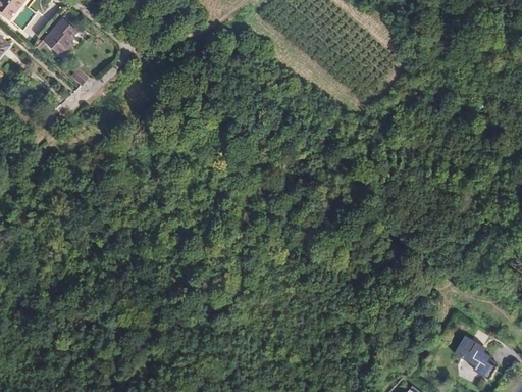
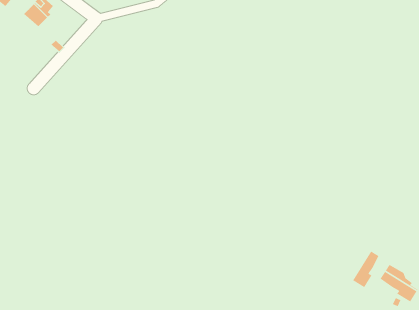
building: none -> [352,251,380,288]

